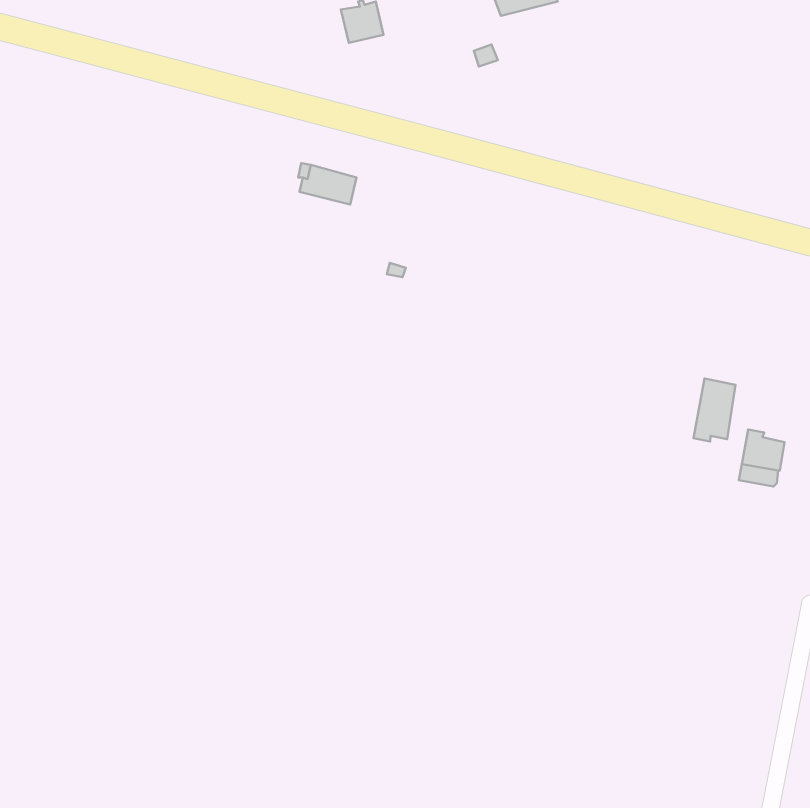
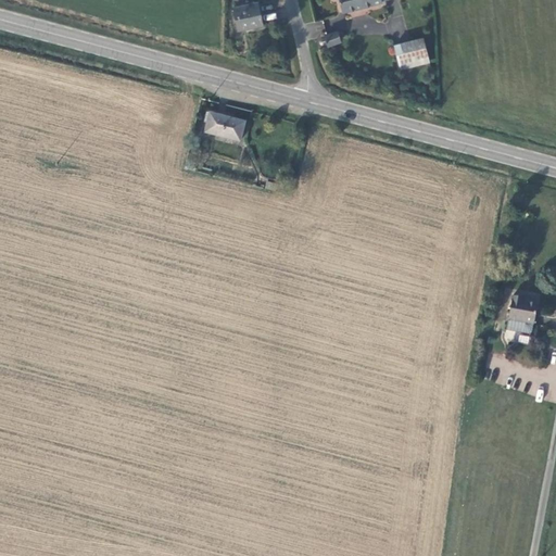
building: none -> [395,37,429,68]
building: [694,379,736,441] -> none

